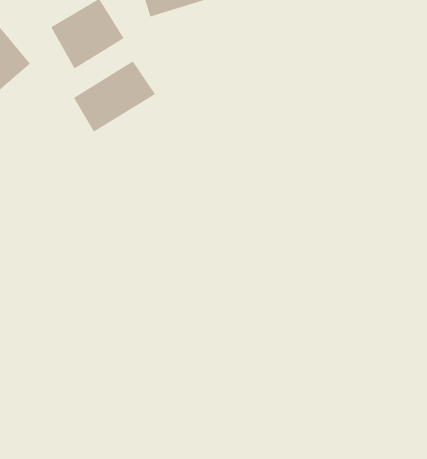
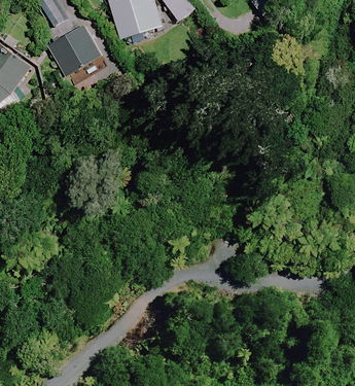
building: [73,60,156,132] -> none

